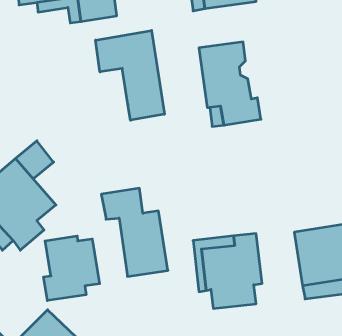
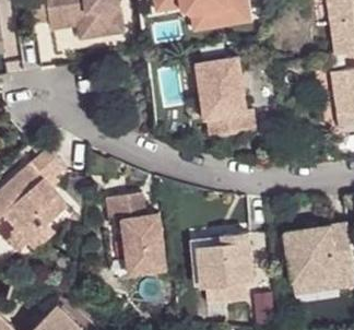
building: [96,30,164,120] -> none
building: [44,236,100,301] -> none

